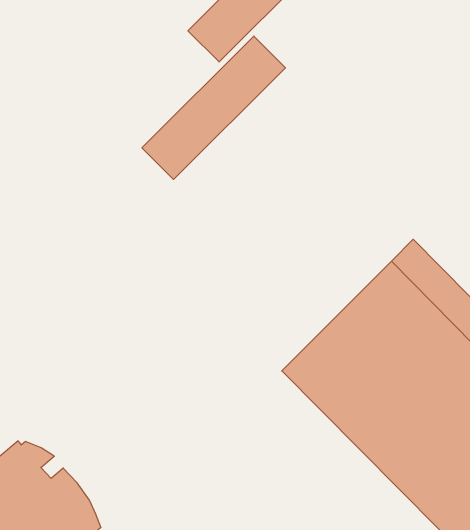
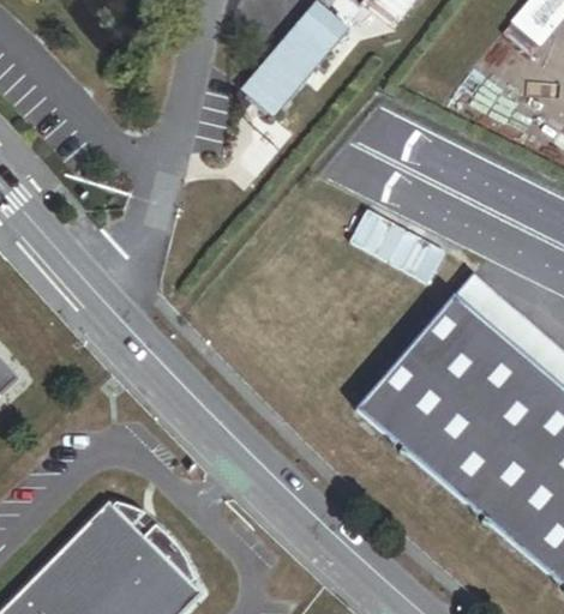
building: [142,36,285,179] -> none

